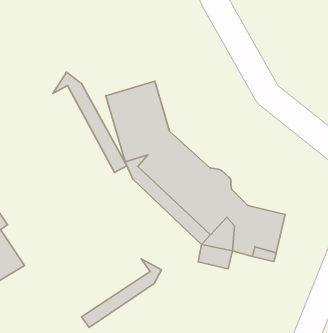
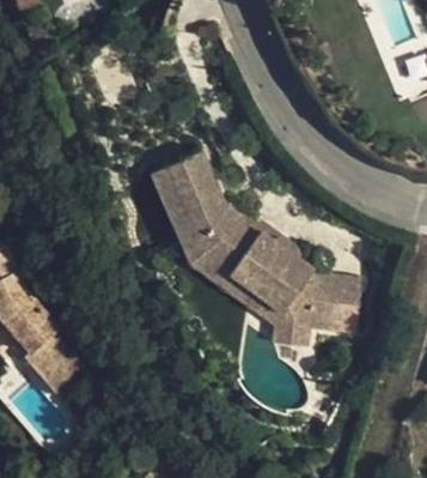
building: [53,72,127,173] -> none
building: [82,259,162,327] -> none

